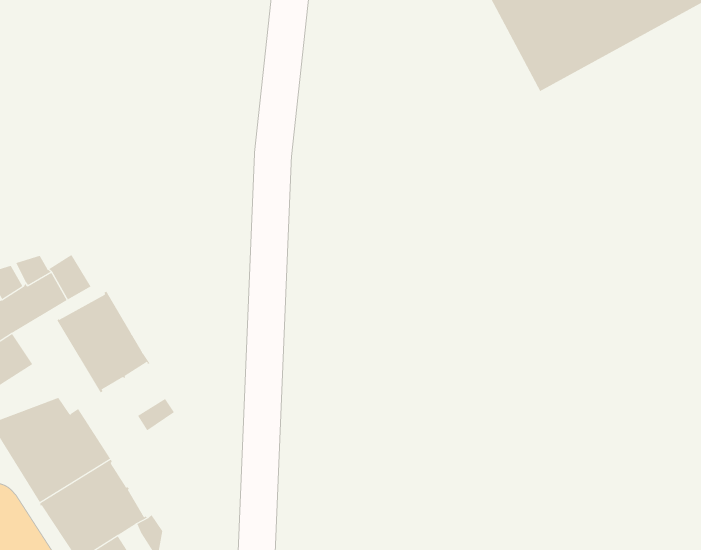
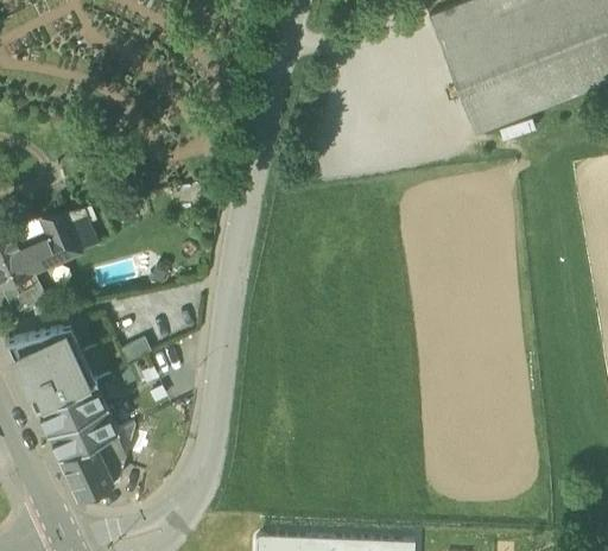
building: [57,291,150,393] -> none

